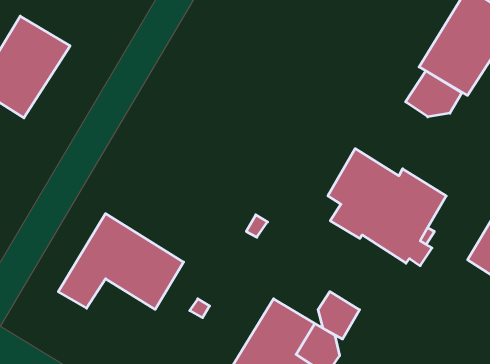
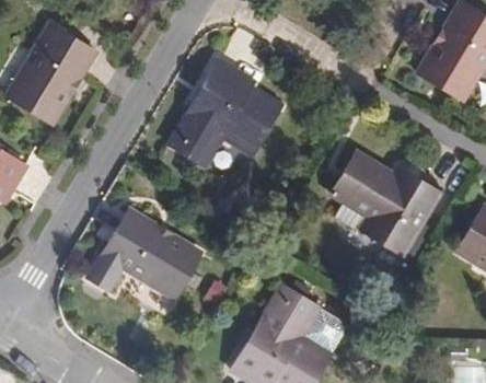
building: none -> [166,59,282,165]
building: [406,71,462,117] -> none
building: [318,292,360,339] -> none

